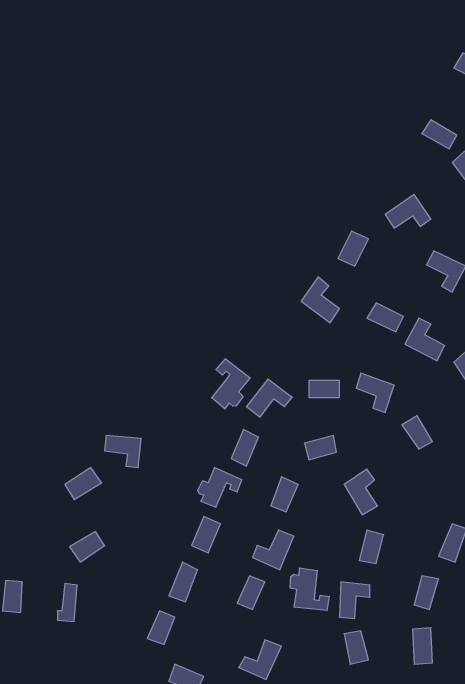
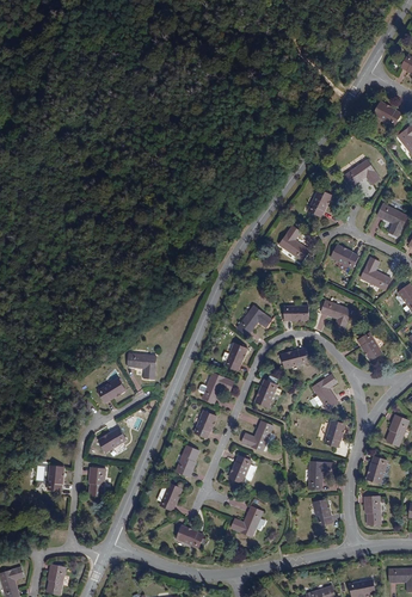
building: [212,359,250,409] -> none
building: [290,568,329,611] -> none

